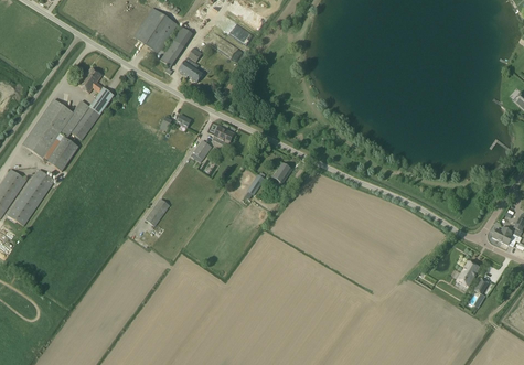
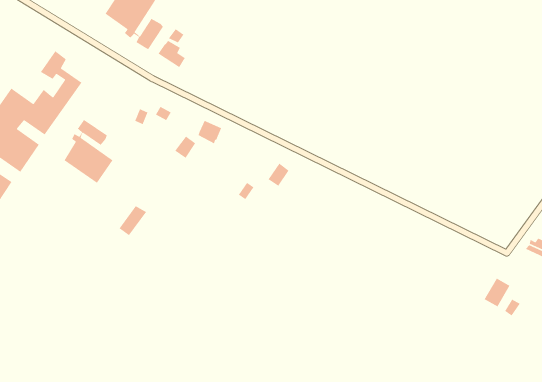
building: none -> [63,119,113,184]

